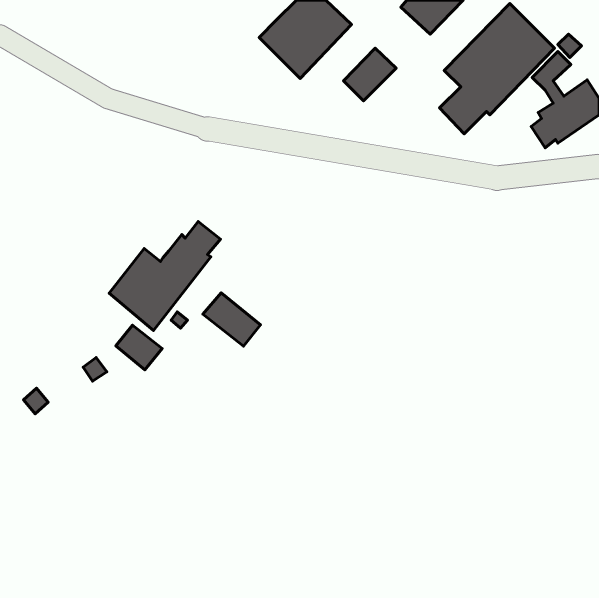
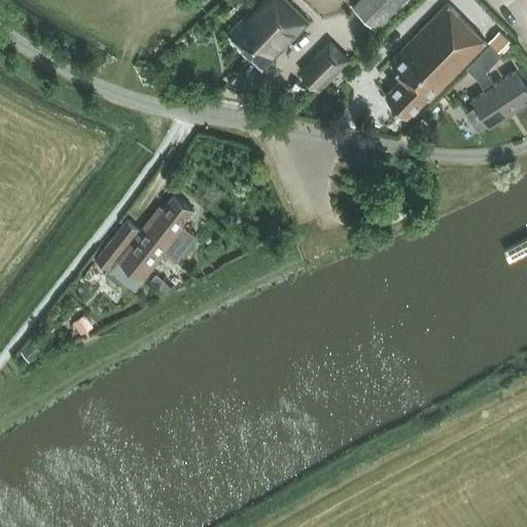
building: [203,293,260,346] -> none
building: [116,325,162,370] -> none

